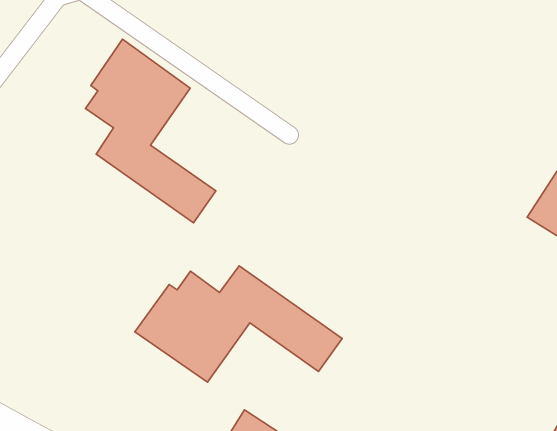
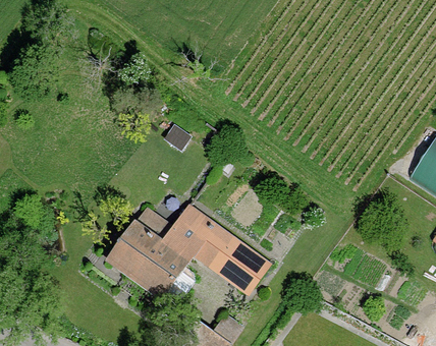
building: [86,39,216,223] -> none

